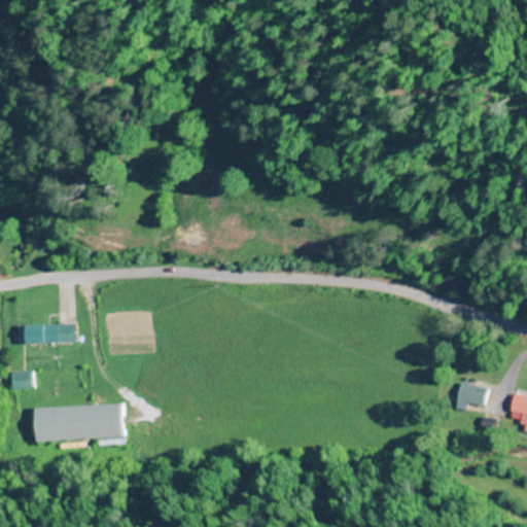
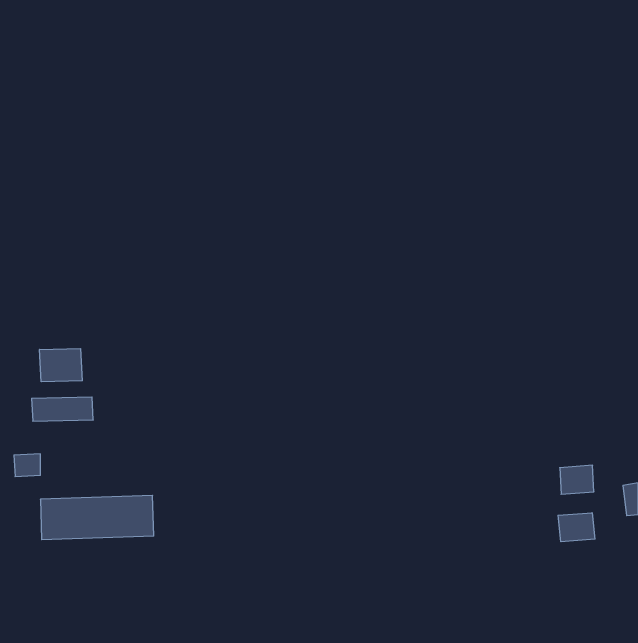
building: none -> [40,349,82,382]
building: none -> [558,513,595,542]

